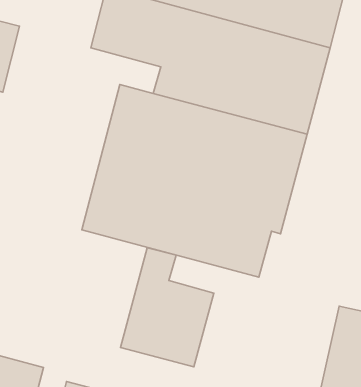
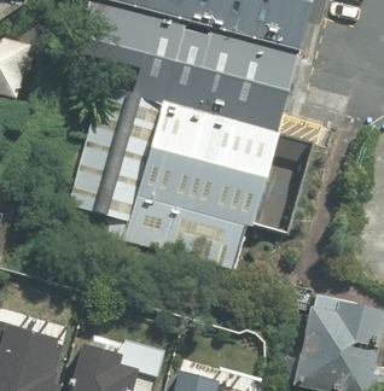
building: [121,248,214,367] -> none

